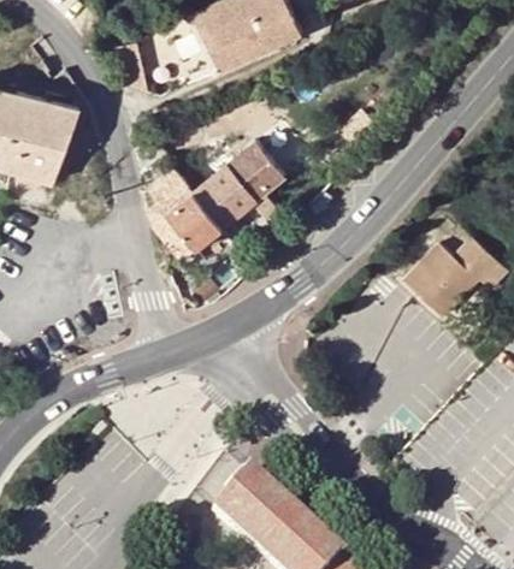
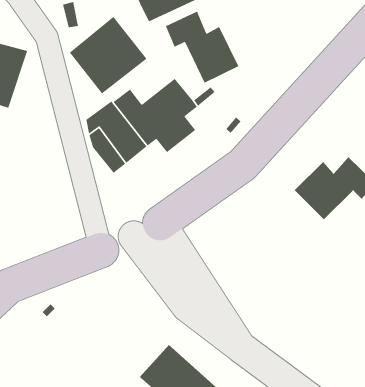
building: none -> [165,11,239,84]
building: none -> [69,16,148,95]

